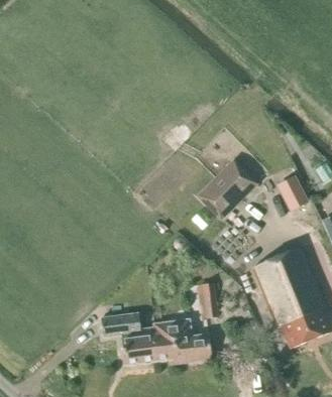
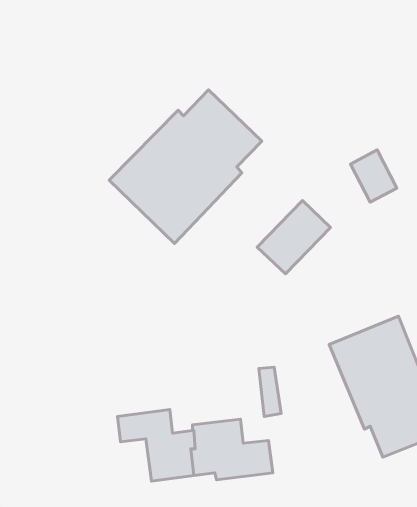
building: none -> [109,90,262,243]
building: [275,173,309,211] -> [350,150,397,202]

